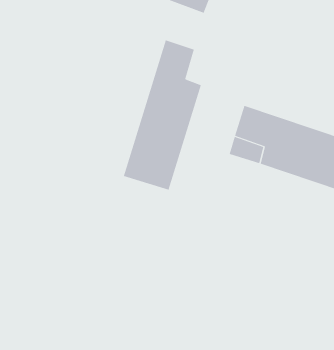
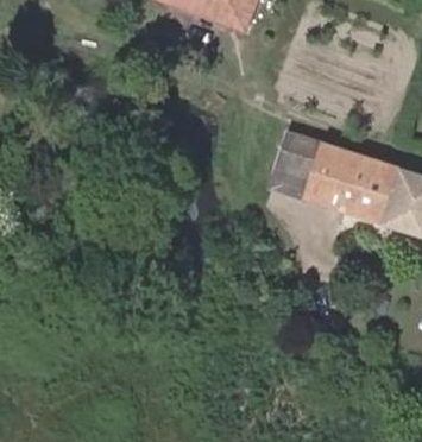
building: [123,39,201,191] -> none

